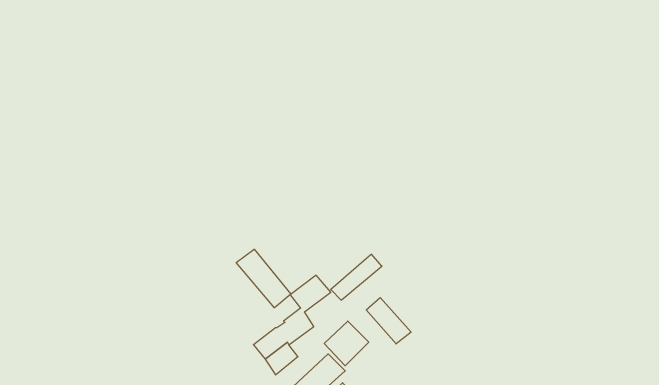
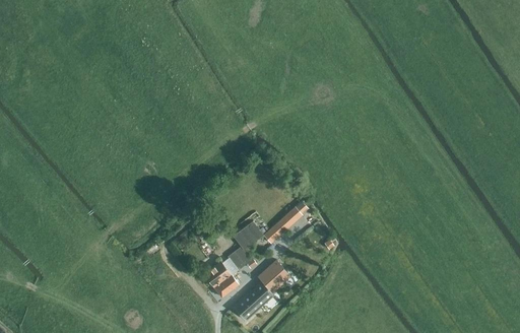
building: [236,249,291,308] -> none
building: [366,298,411,344] -> none

